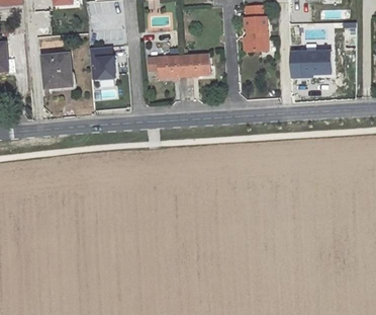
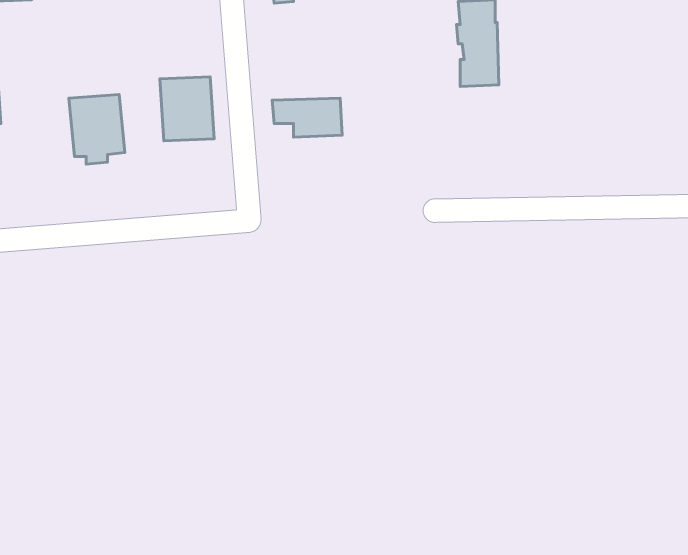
building: [291,52,330,76] -> none
building: [183,55,209,76] -> none

